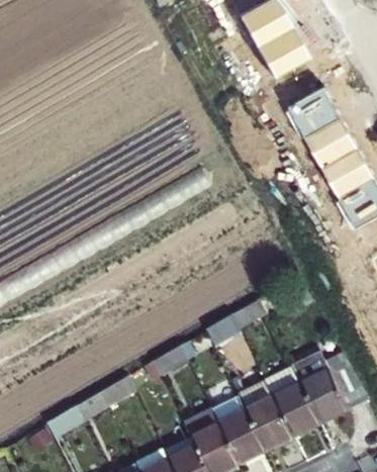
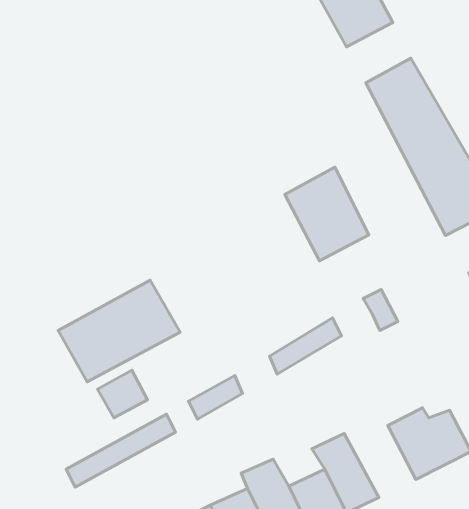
building: none -> [285,167,369,261]
building: none -> [58,280,180,382]
building: none -> [98,370,148,418]
building: [273,371,329,436] -> none

